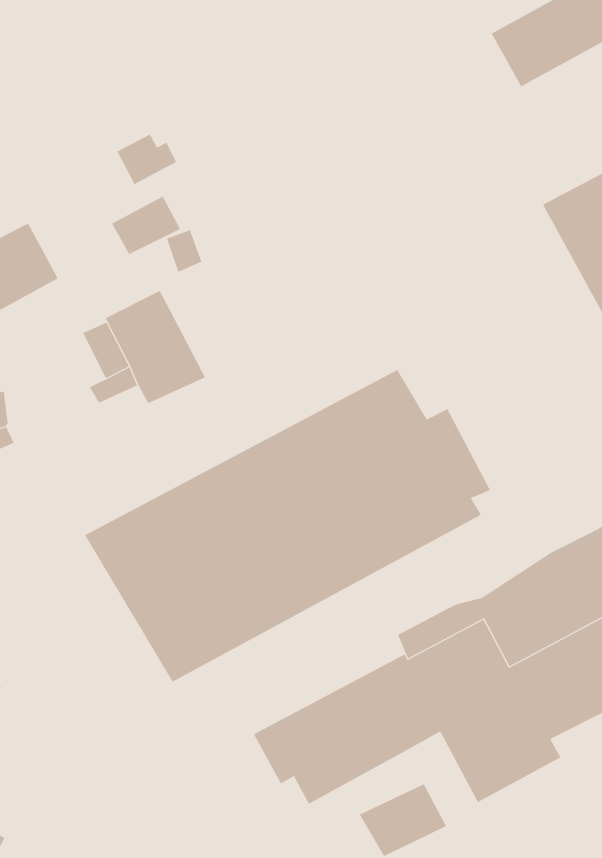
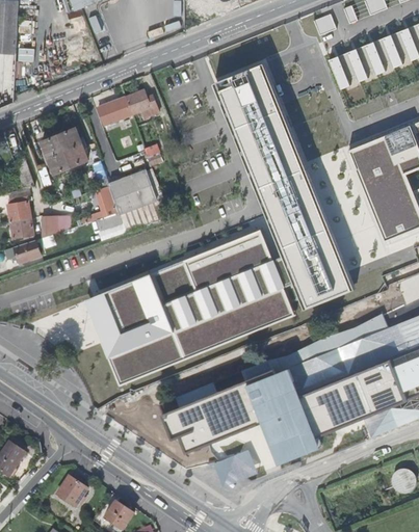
building: none -> [213,61,349,305]
building: [111,196,181,255] -> [97,97,133,126]

